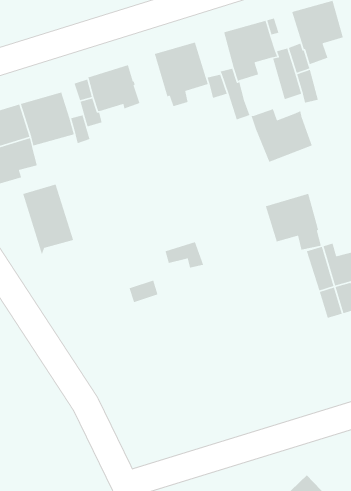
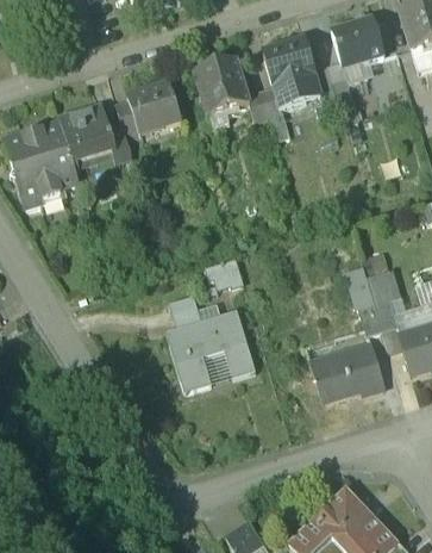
building: [251,108,313,163] -> none
building: [22,183,74,257] -> none
building: [265,193,322,251] -> none
building: none -> [165,310,256,389]
building: none -> [311,343,384,400]

